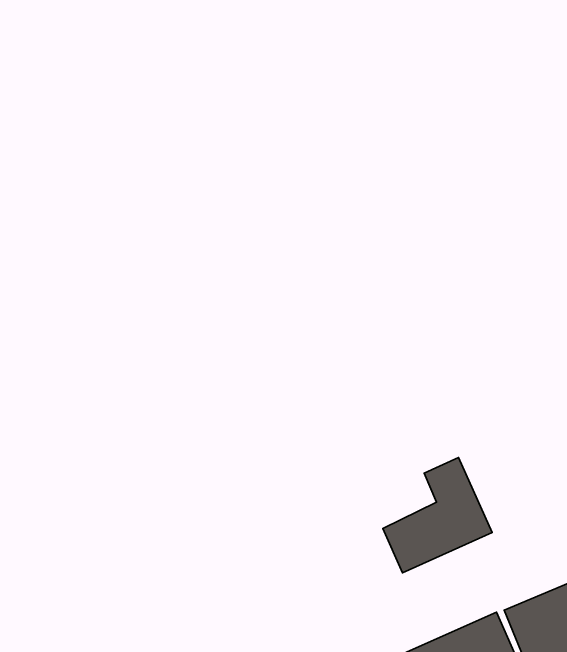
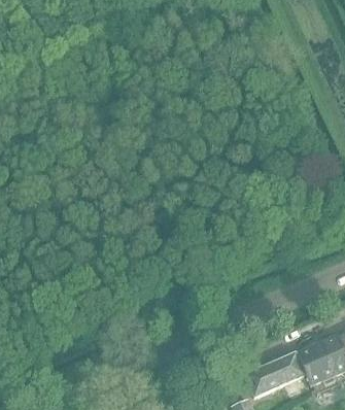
building: [383,458,492,573] -> none

